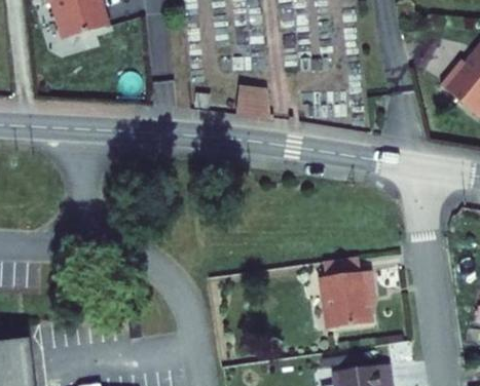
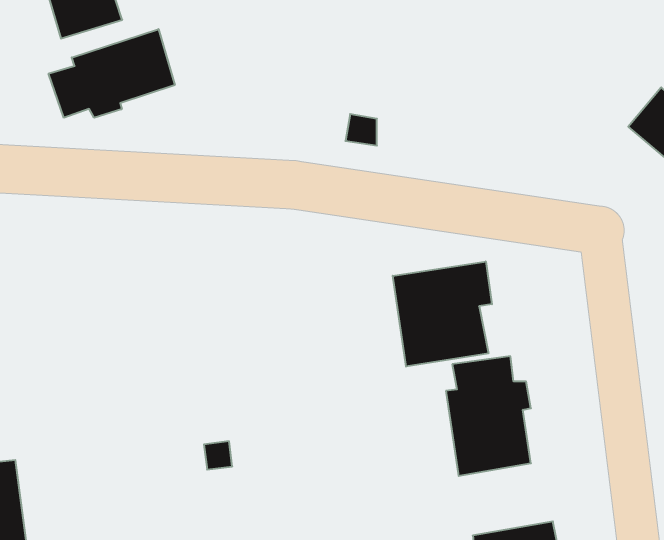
building: none -> [49,29,175,118]
building: none -> [393,261,492,367]

